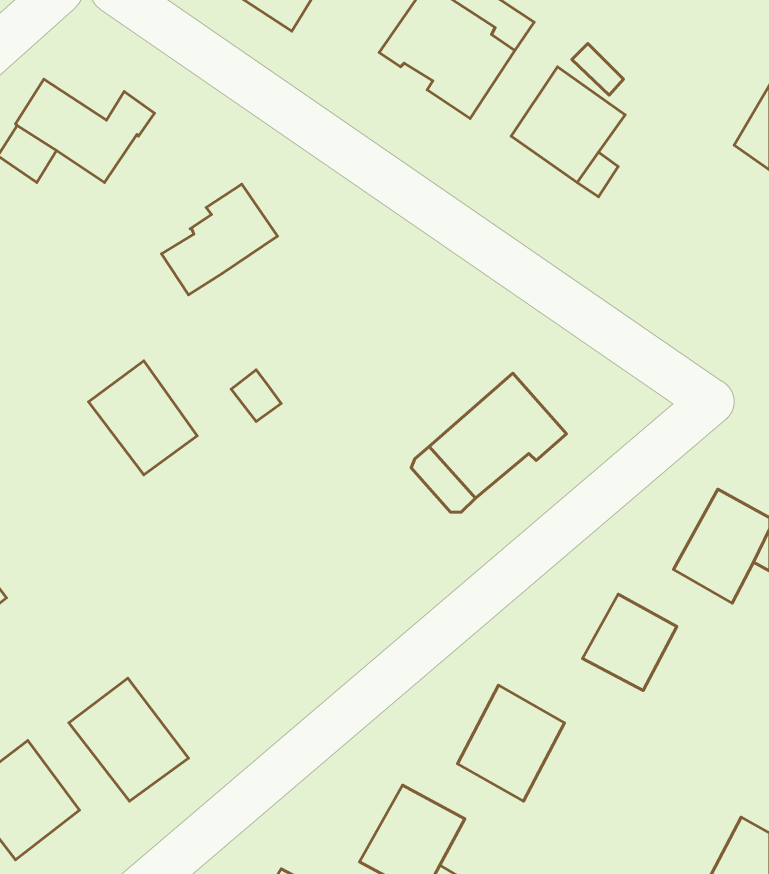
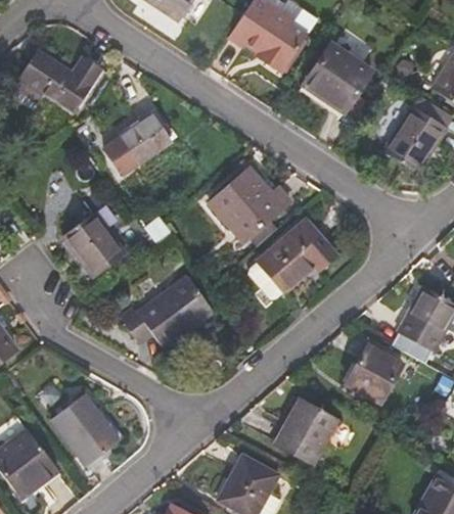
building: none -> [383,106,447,173]
building: none -> [210,169,289,242]
building: none -> [121,277,213,348]

